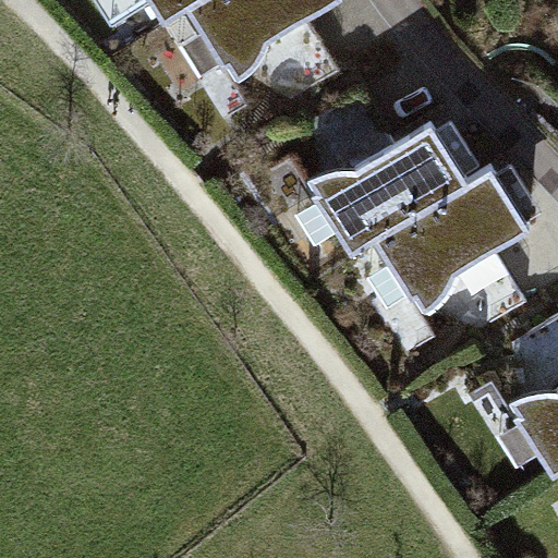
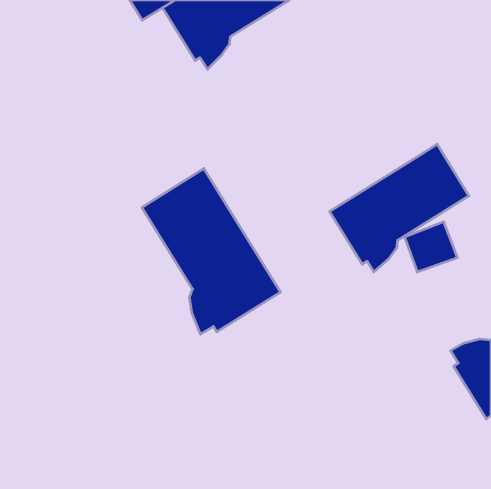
building: [311,120,472,256] -> none
building: none -> [142,168,280,334]

